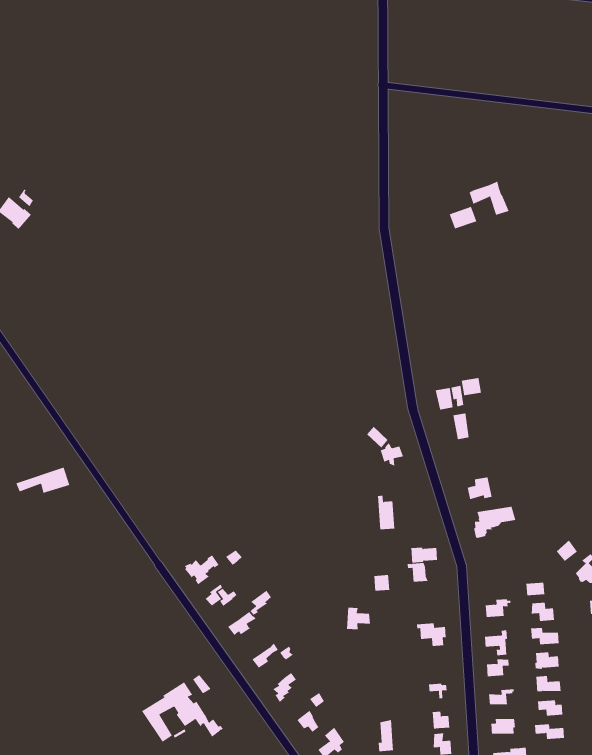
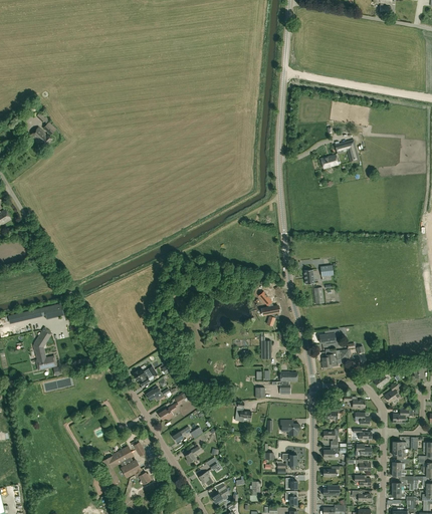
building: none -> [34,328,56,369]

